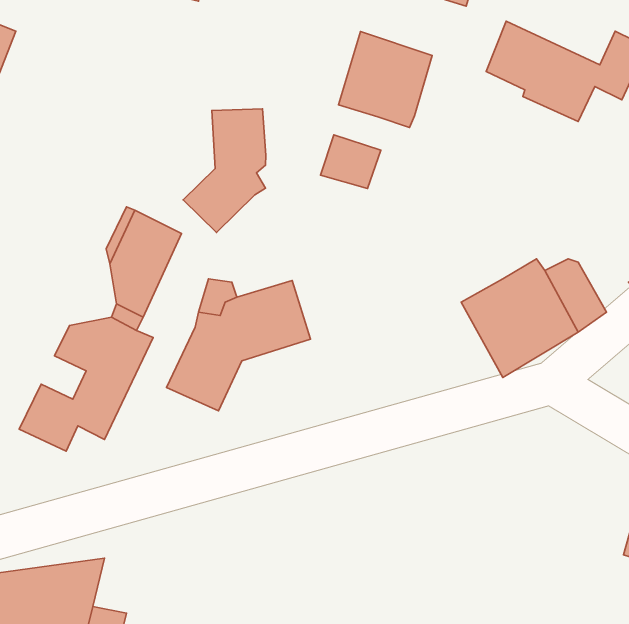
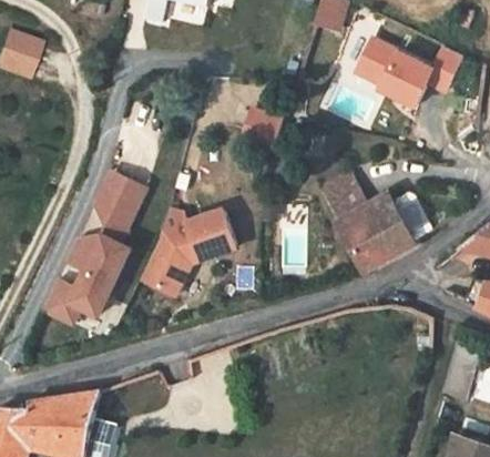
building: [338,31,432,128] -> none
building: [183,109,266,233] -> none
building: none -> [319,175,365,223]

